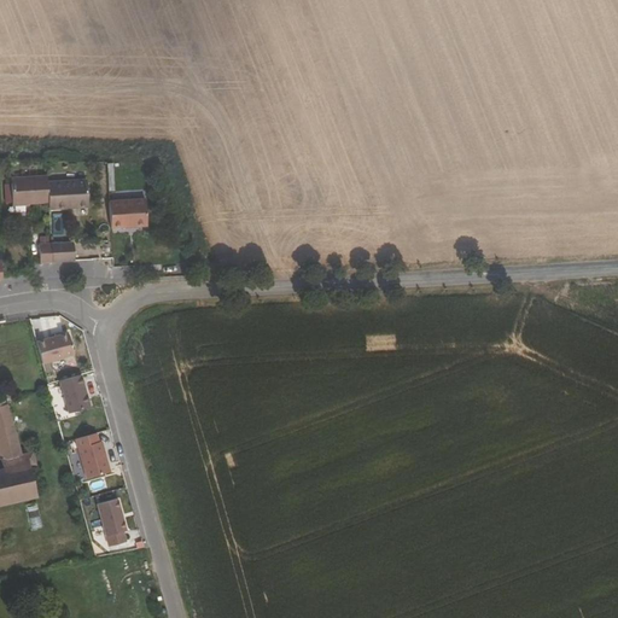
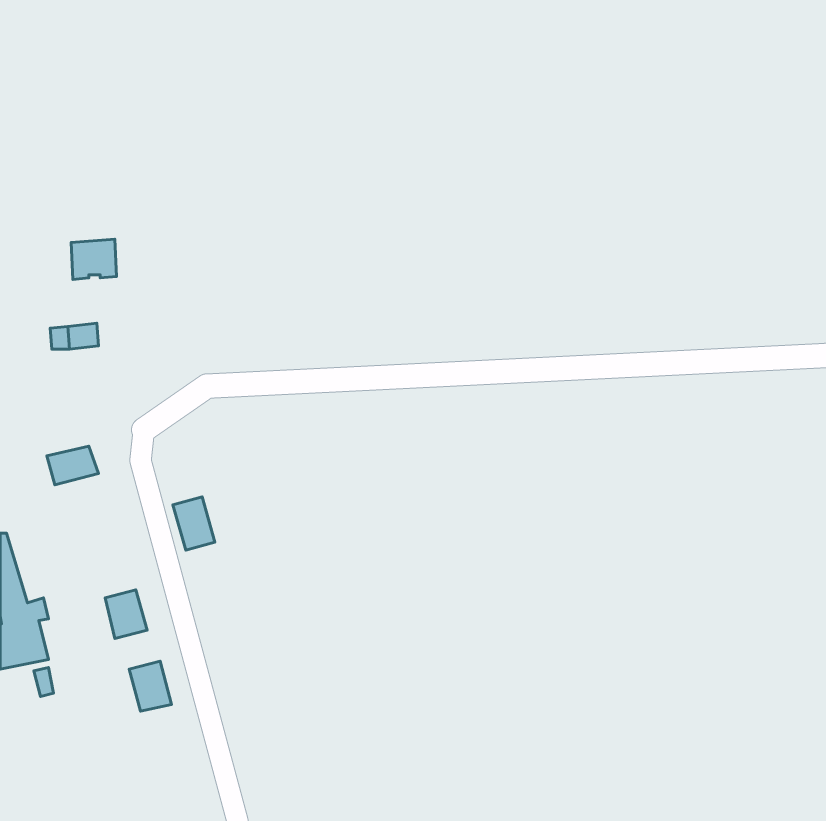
building: [10,175,47,204] -> none
building: [109,198,146,228] -> none
building: [58,373,89,413] -> [173,497,215,550]

